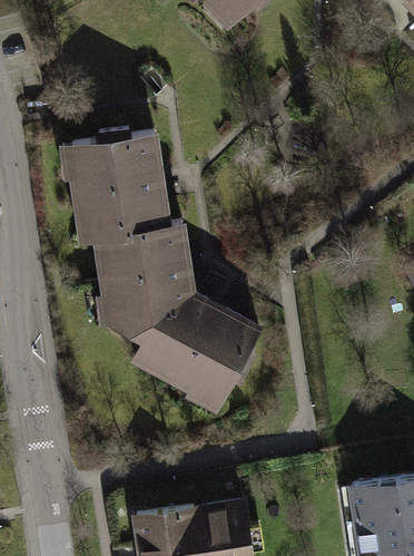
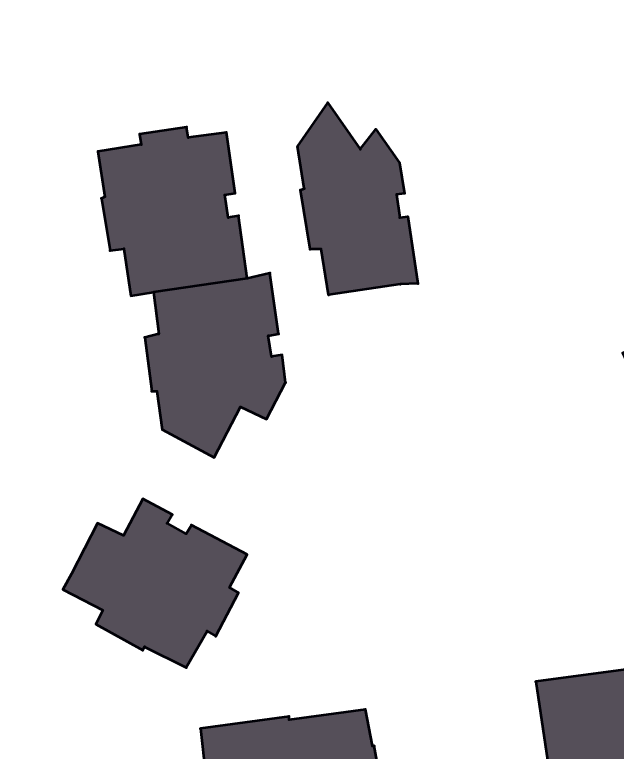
building: none -> [298,103,418,295]
building: [140,293,258,401] -> [63,499,247,668]

